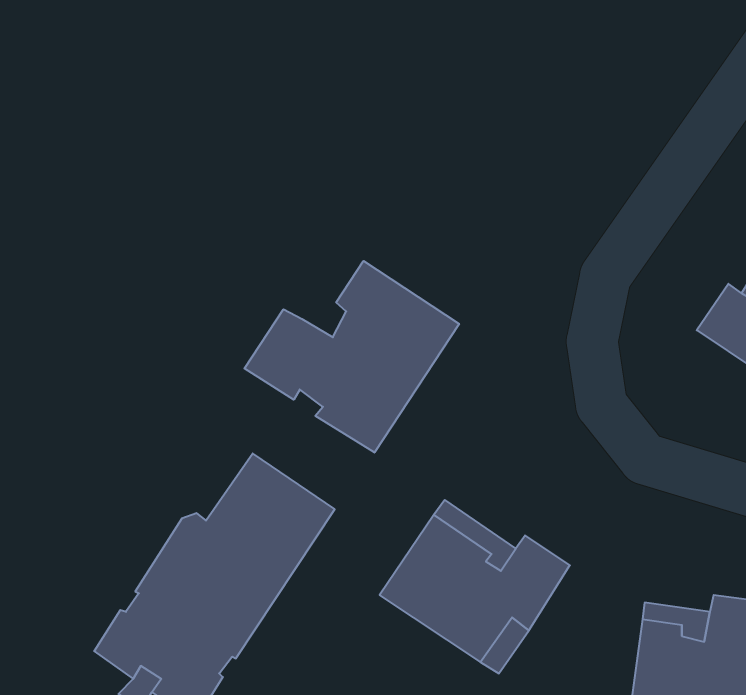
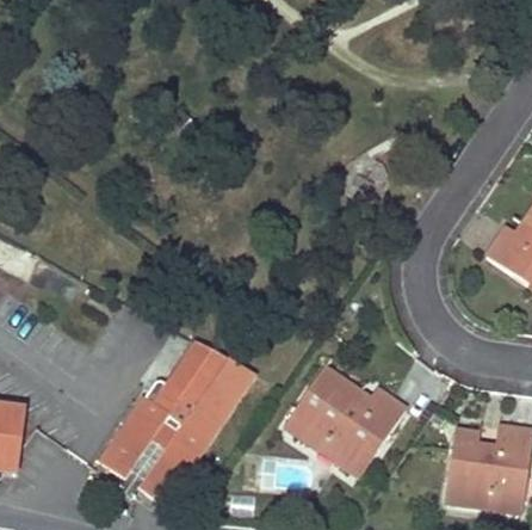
building: [244,261,459,453] -> none

